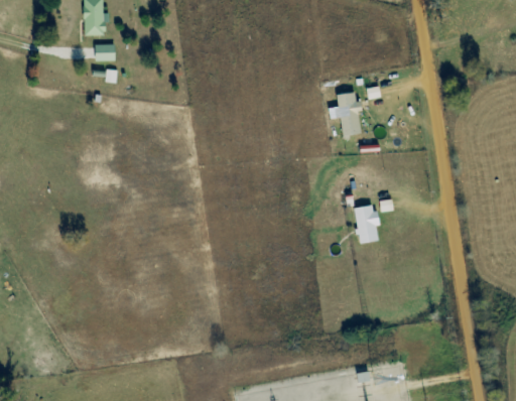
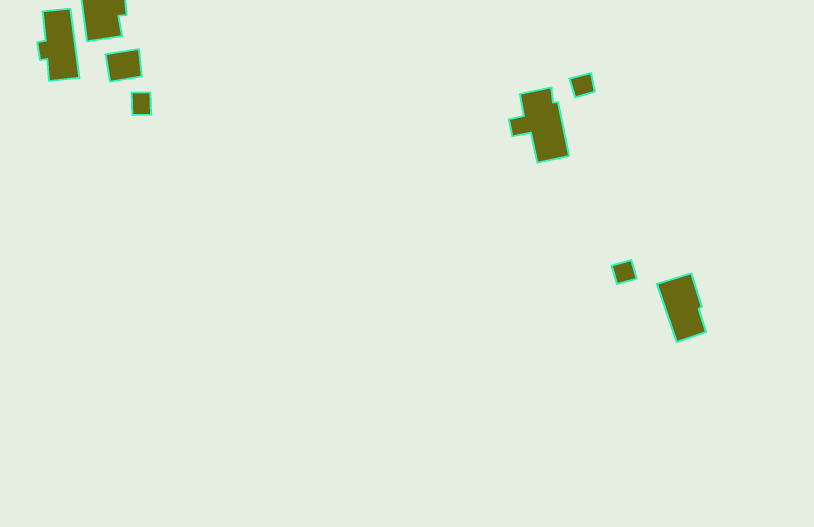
building: none -> [37,9,79,81]
building: [352,204,378,243] -> [657,274,706,342]

